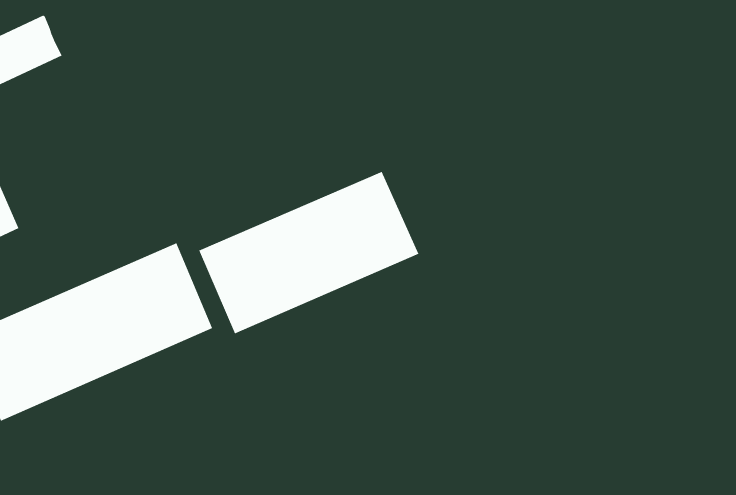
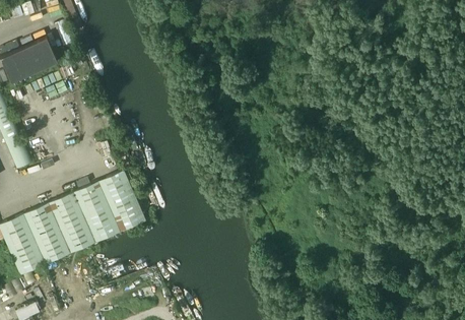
building: [198,171,419,335] -> none

